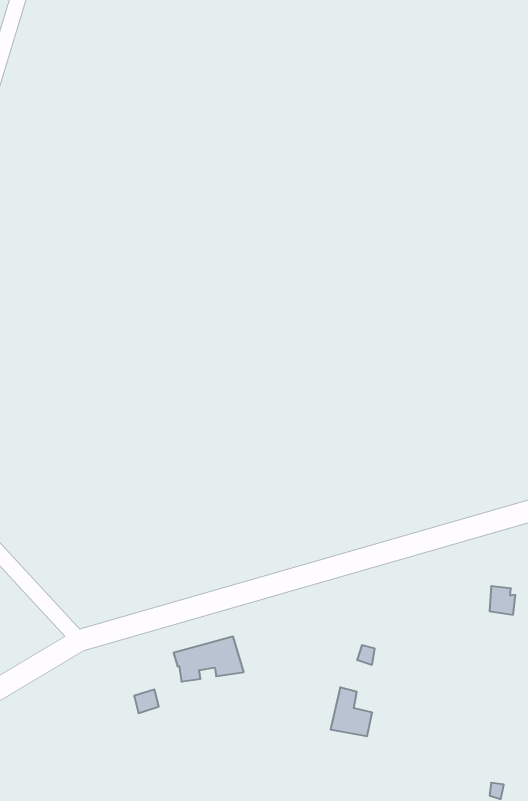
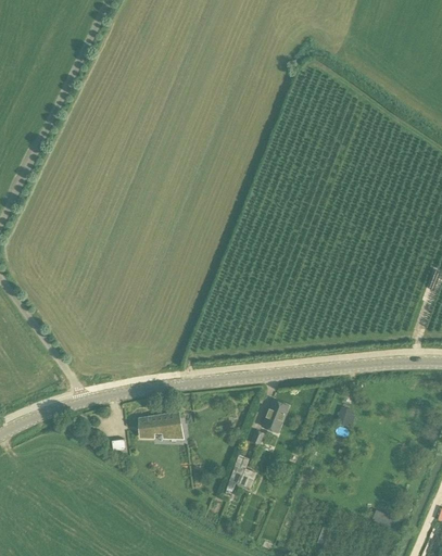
building: none -> [262,401,287,432]

